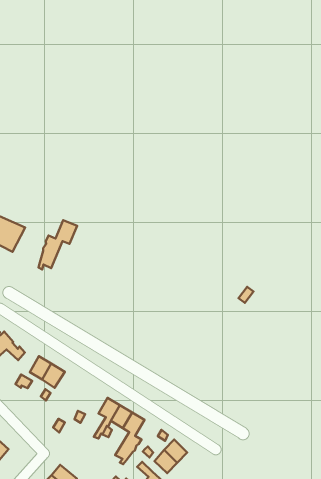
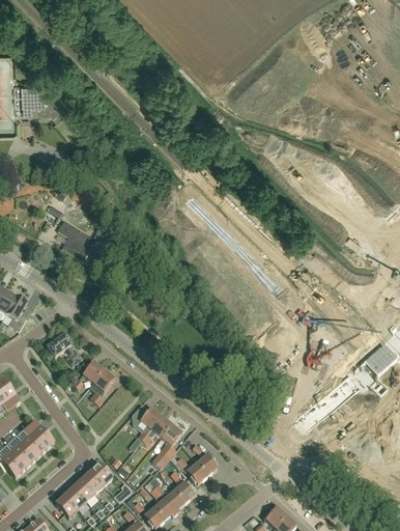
building: [38,220,77,269] -> none

